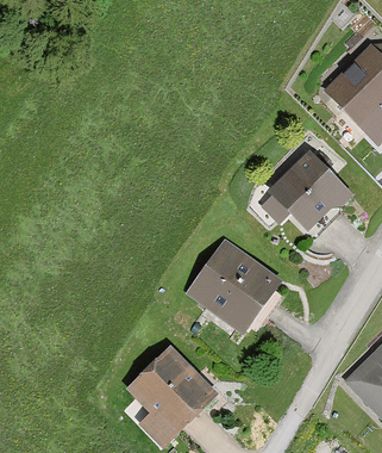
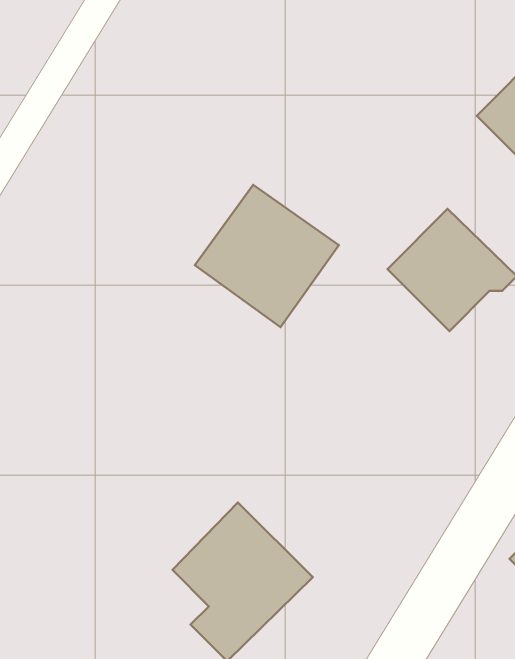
building: [187,240,281,333] -> [195,185,339,327]

